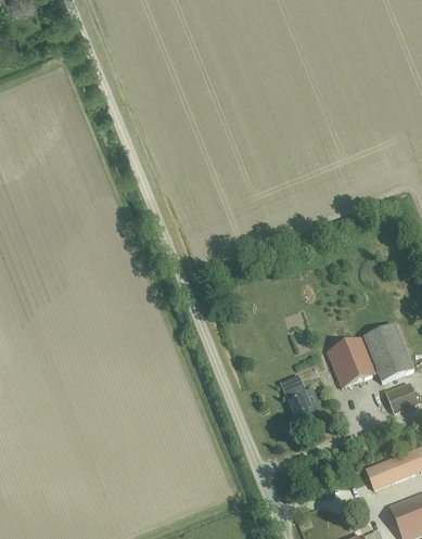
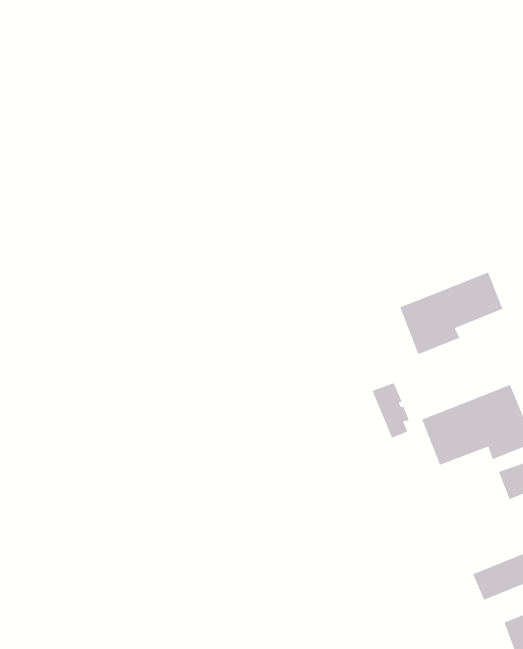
building: none -> [399,272,503,355]
building: [281,375,310,419] -> [372,382,410,439]

